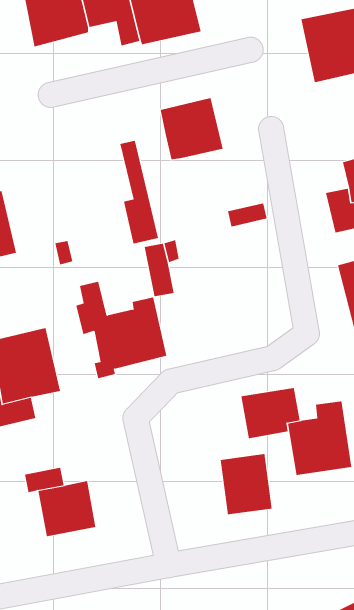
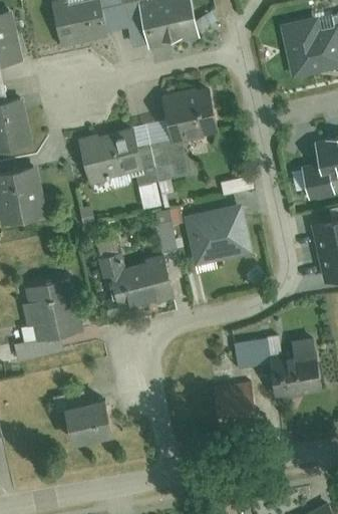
building: none -> [144,119,190,208]
building: none -> [78,127,142,186]
building: none -> [184,201,253,264]

